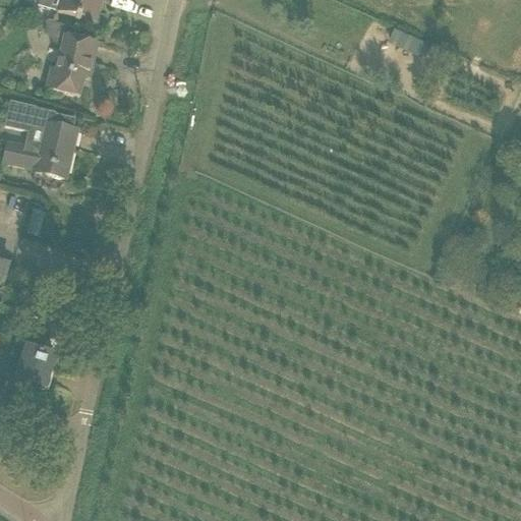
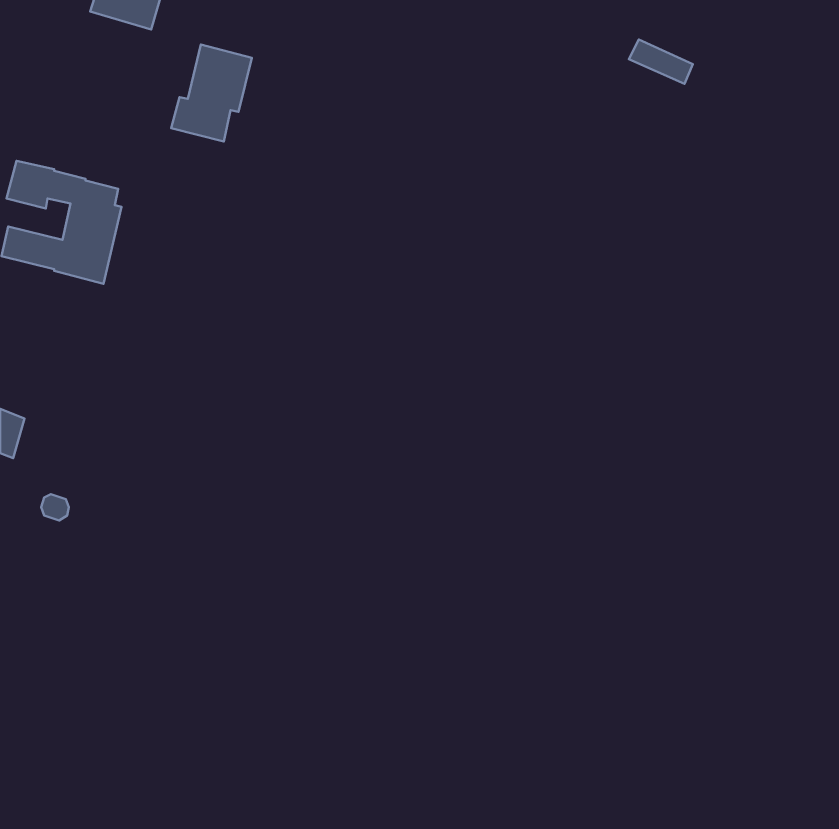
building: [46,34,96,94] -> [171,45,252,141]
building: [15,344,54,386] -> none

